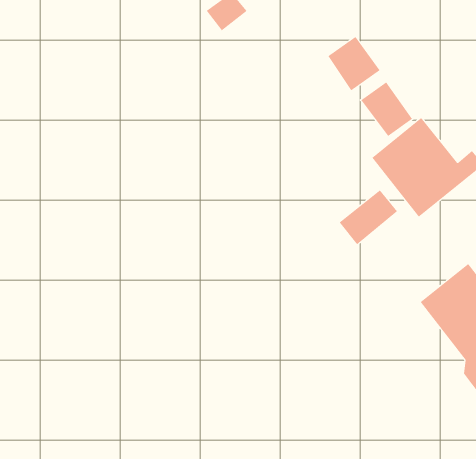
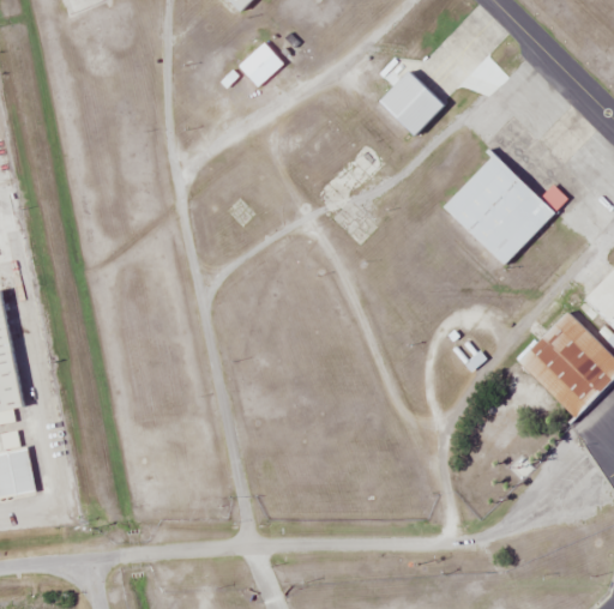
building: [360,82,413,137] -> none
building: [339,189,398,245] -> none

